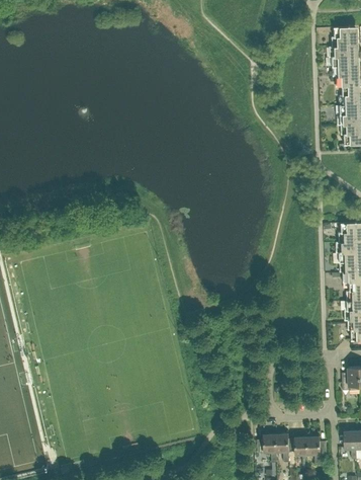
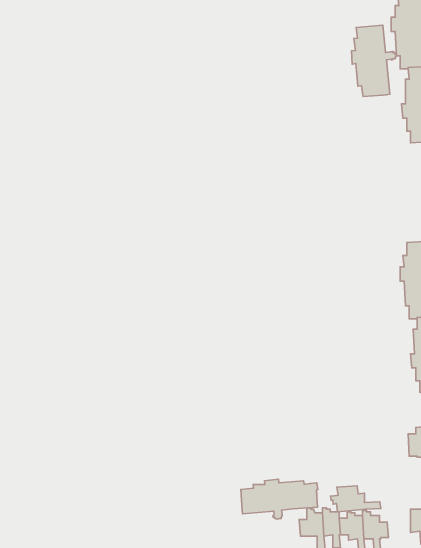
building: none -> [352,25,396,97]
building: none -> [241,479,318,519]
building: none -> [331,486,381,512]

